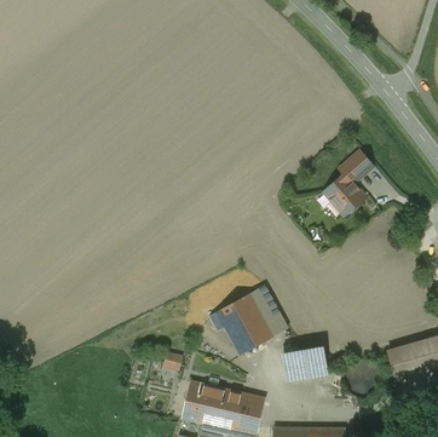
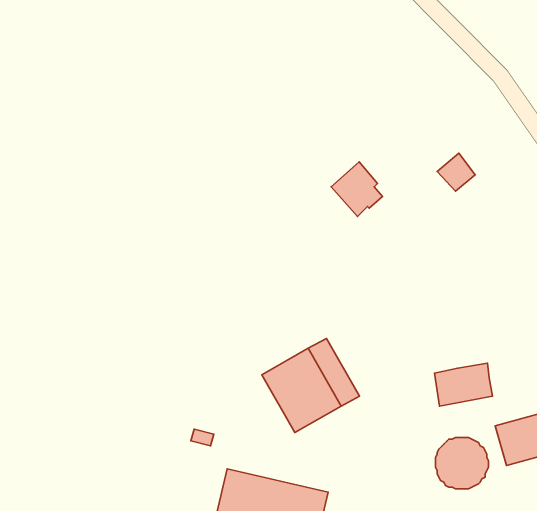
building: [324,173,362,213] -> [331,162,382,216]
building: [284,350,327,381] -> [435,363,493,406]

